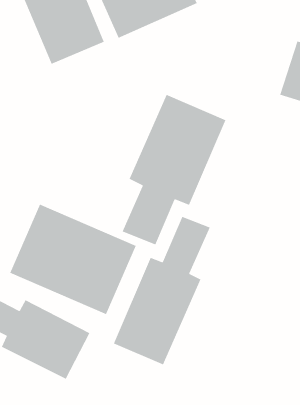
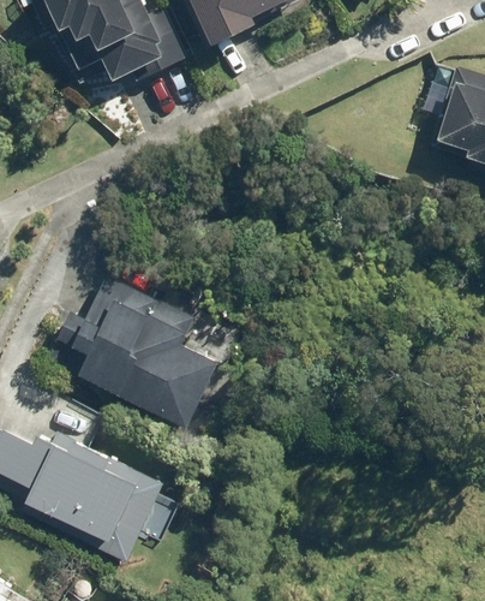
building: [122,94,227,245] -> none
building: [113,216,211,366] -> none

